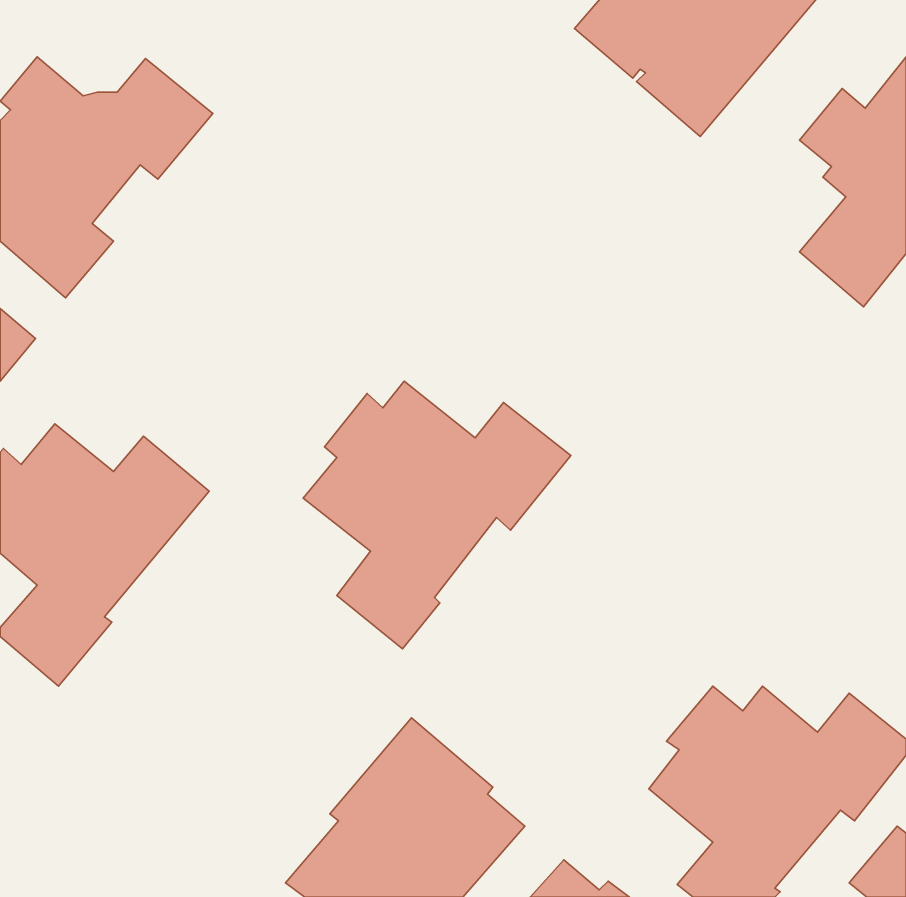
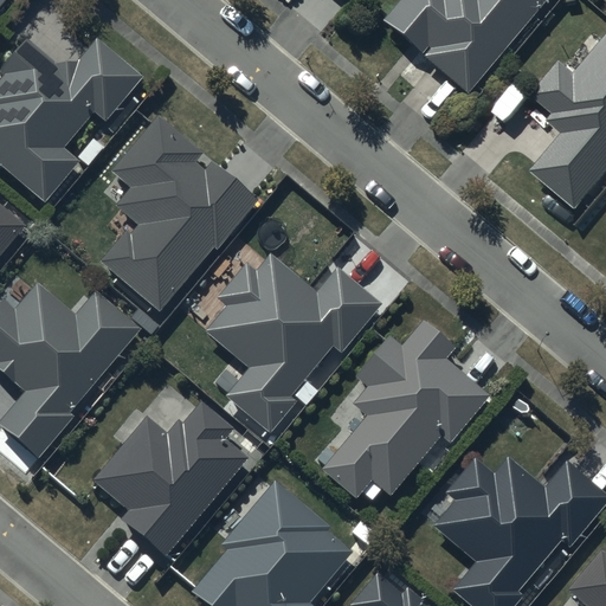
building: none -> [99,115,262,310]
building: none -> [322,322,491,498]
building: none -> [92,401,249,555]

